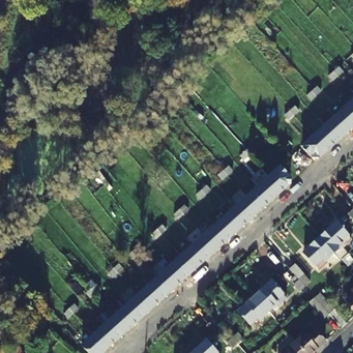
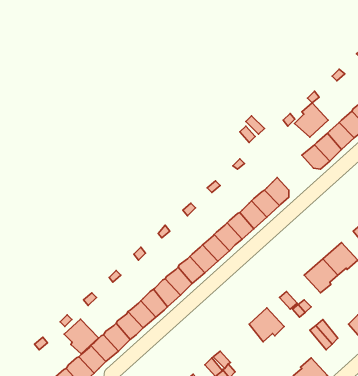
building: none -> [294,103,328,137]
building: none -> [64,319,99,354]
building: [238,294,268,327] -> none

